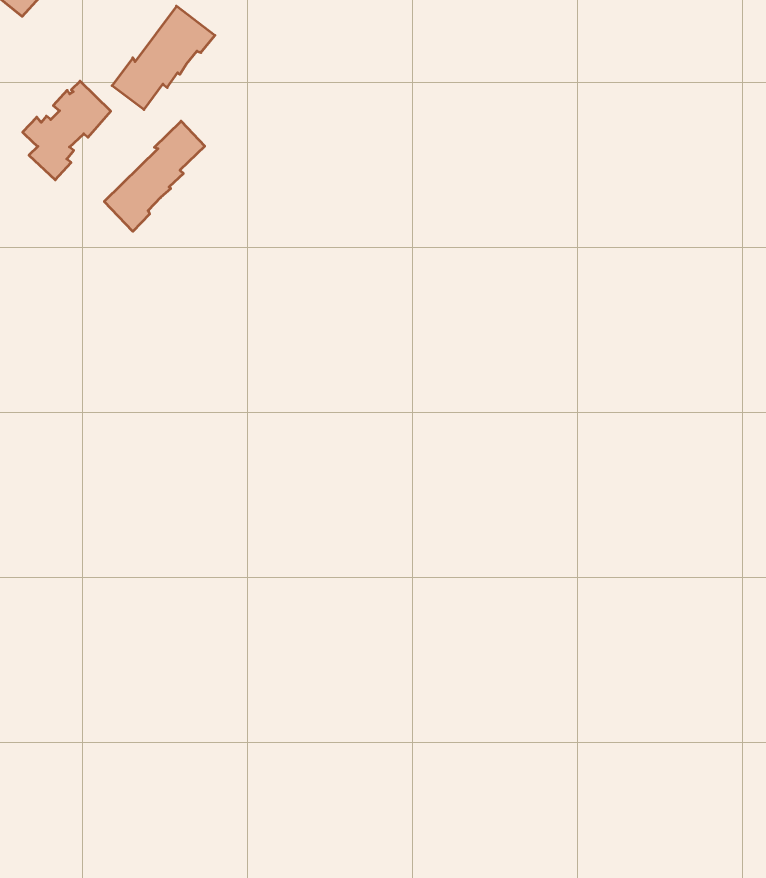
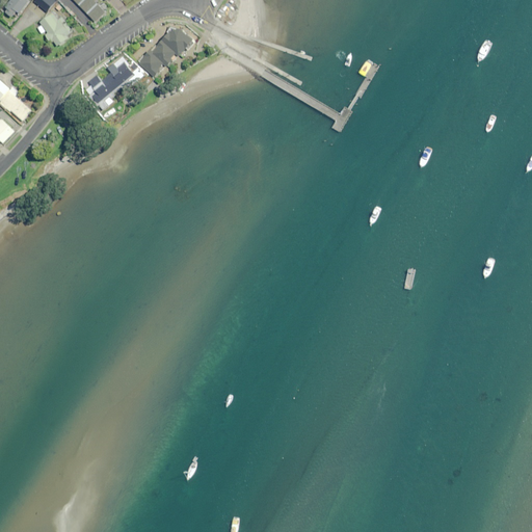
building: [104,121,205,231] -> none

